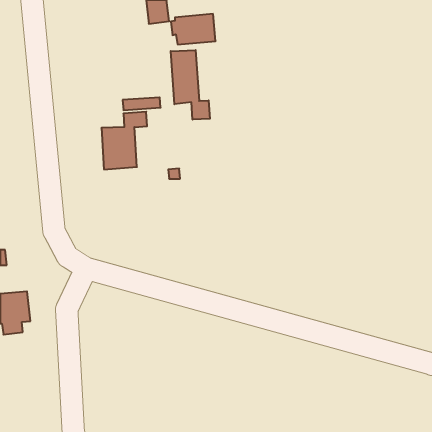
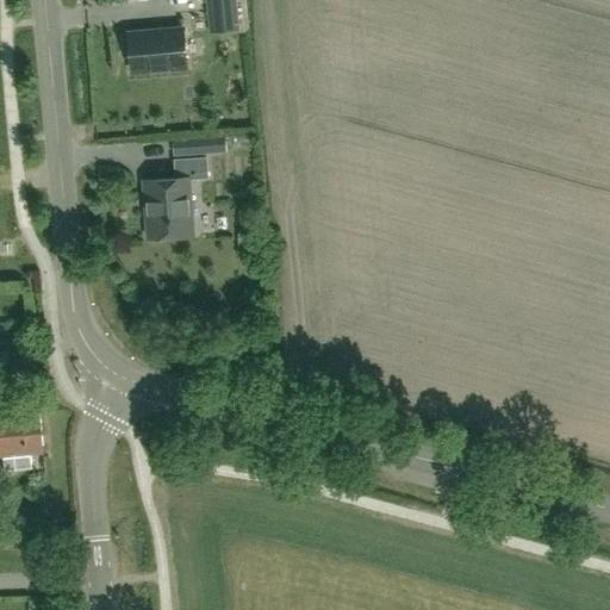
building: [171,14,216,44] -> [123,30,186,73]
building: [171,50,210,120] -> none

